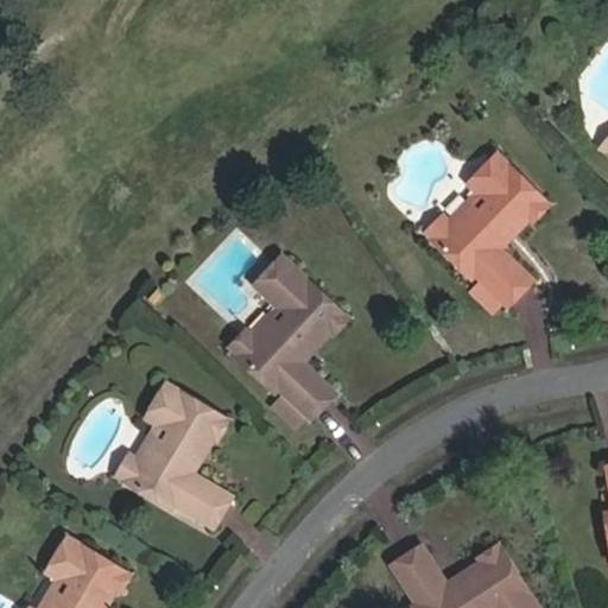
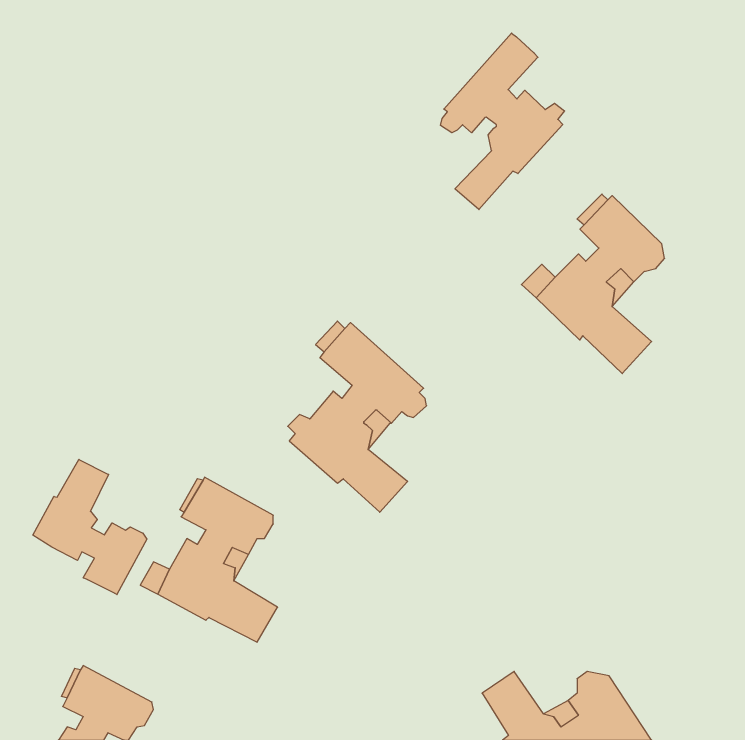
building: none -> [440,33,565,210]
building: none -> [33,459,147,595]

